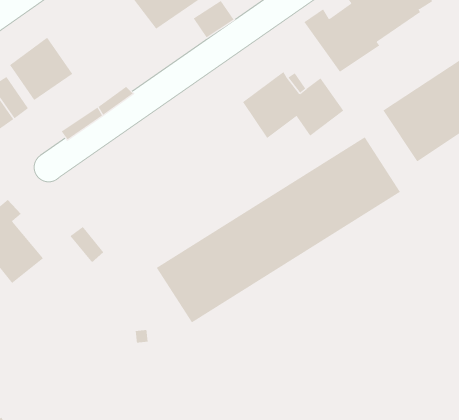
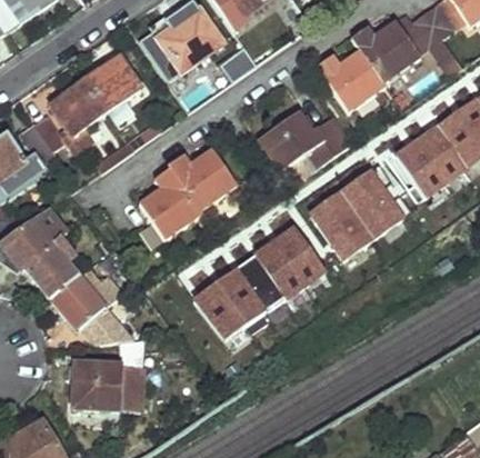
building: none -> [86,54,143,111]
building: none -> [141,146,240,240]
building: none -> [53,278,126,337]
building: none -> [71,338,146,409]

